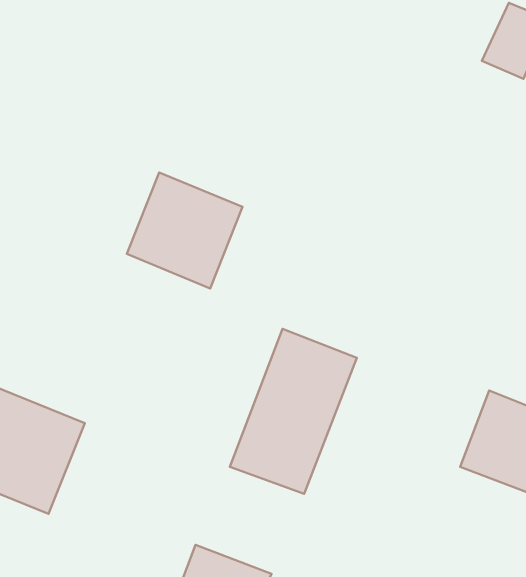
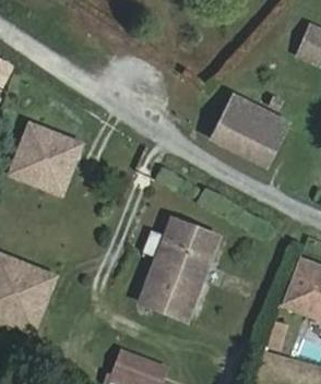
building: none -> [211,93,288,166]
building: [127,172,243,288] -> [11,121,81,191]

